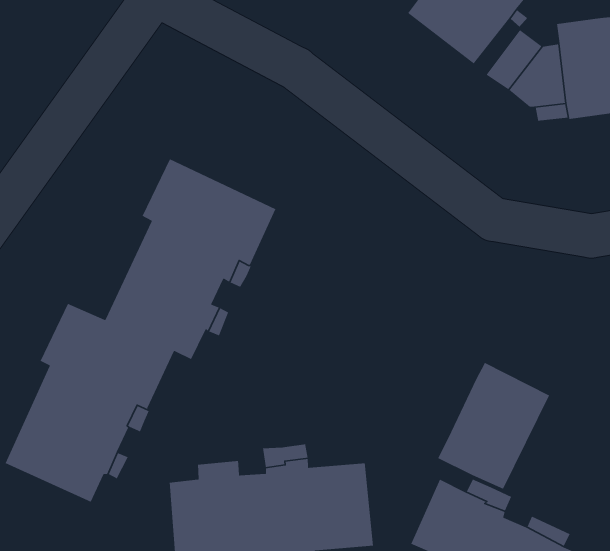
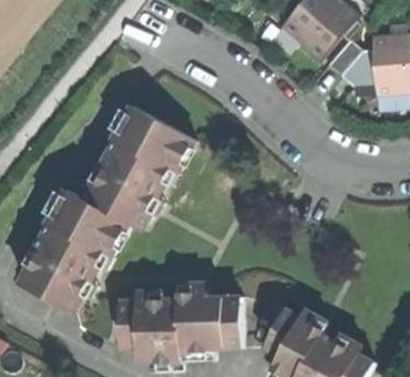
building: [437,362,550,490] -> none

